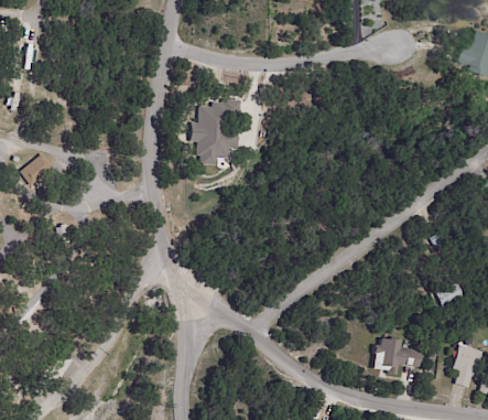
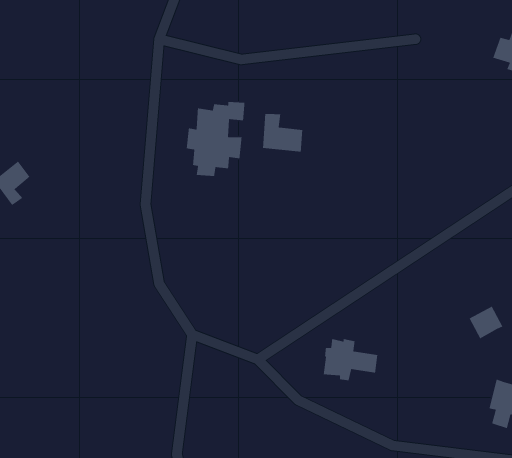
building: none -> [262,113,303,152]
building: [373,336,422,374] -> [323,338,378,381]

